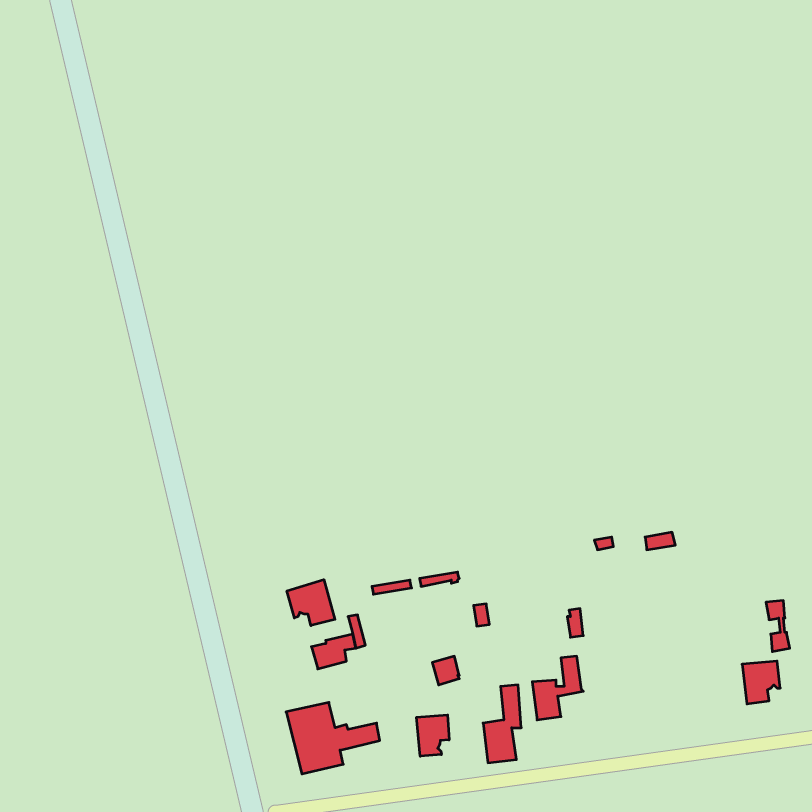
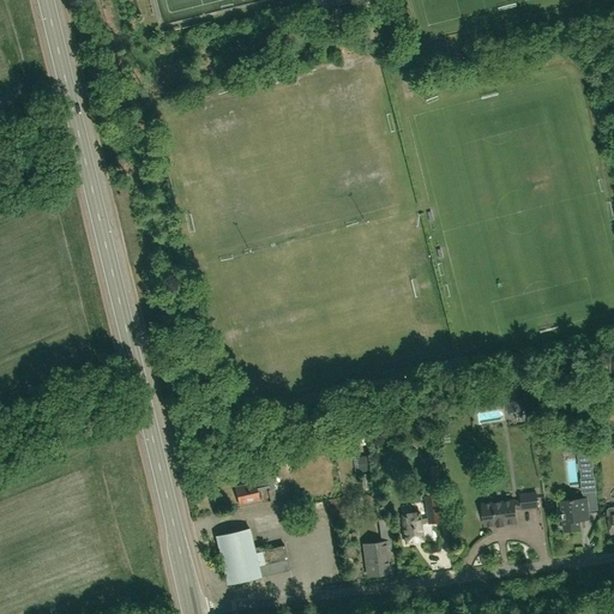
building: [287,580,335,626] -> none
building: none -> [482,493,537,525]
building: [417,715,449,756] -> none

